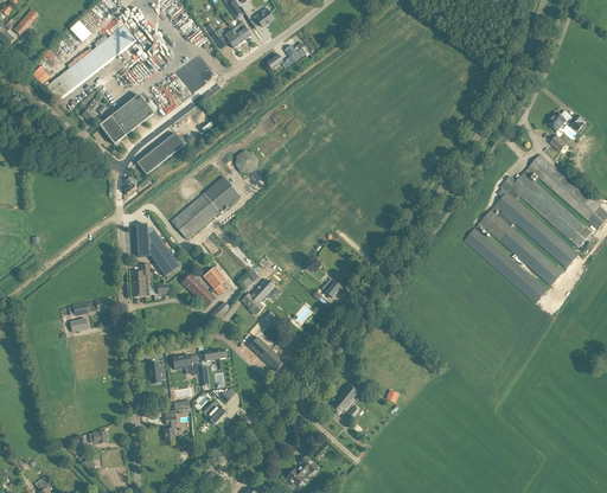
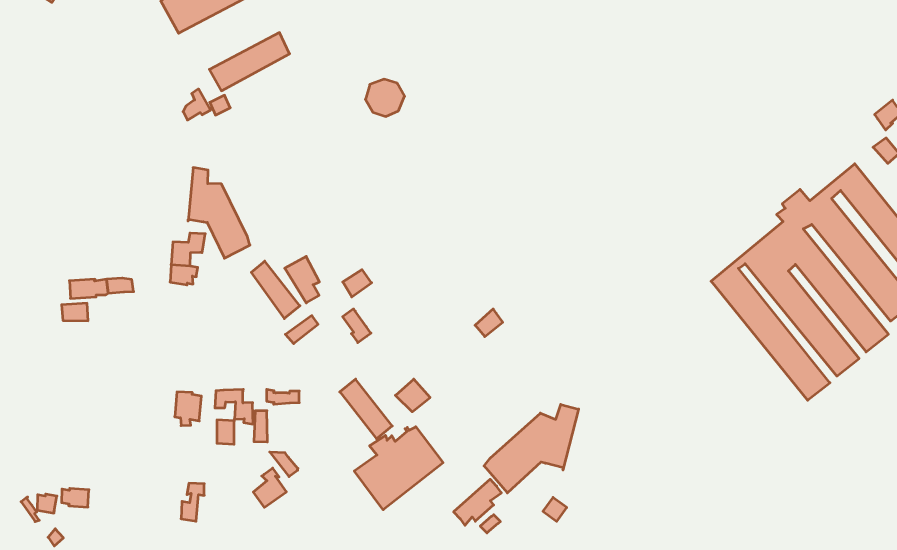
building: [171,175,238,238] -> none
building: none -> [484,404,579,493]
building: none -> [354,427,443,510]

